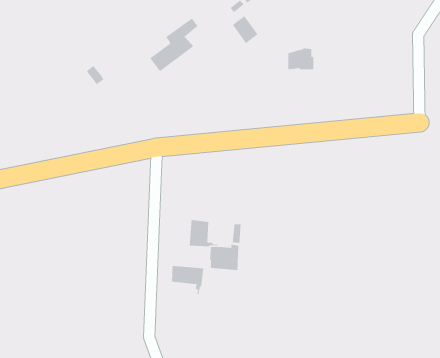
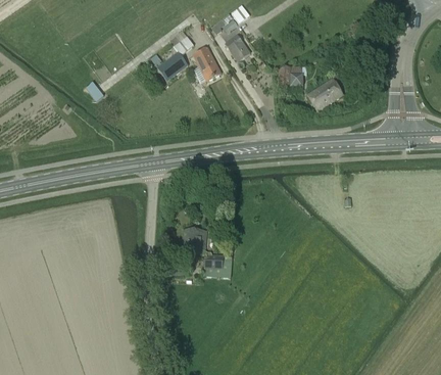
building: none -> [192,46,222,81]
building: none -> [306,78,343,110]
building: [171,265,204,295] -> none

